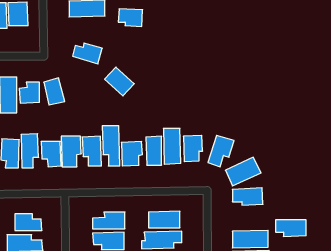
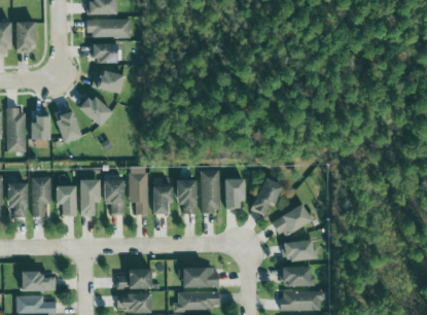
building: [118,9,143,26] -> [93,42,121,63]
building: [105,67,134,96] -> [80,93,115,127]
building: [276,220,306,236] -> [278,267,314,286]

